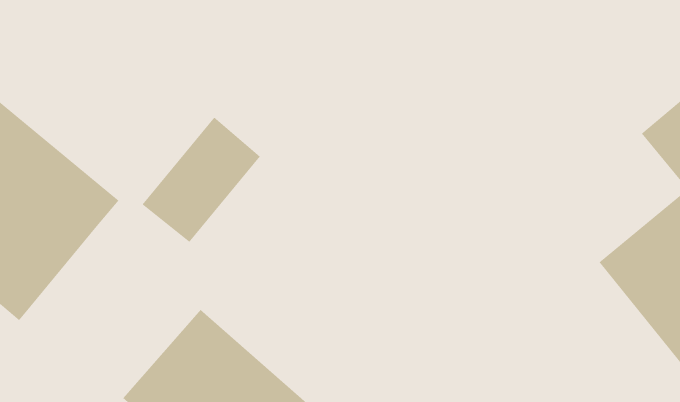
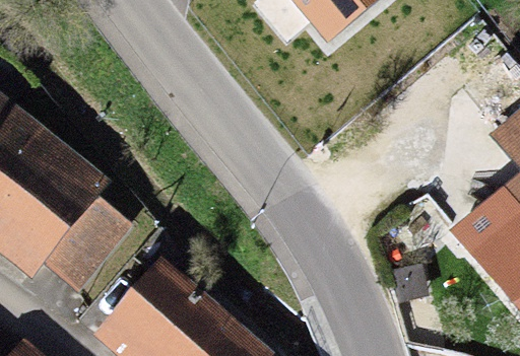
building: [142,117,261,243] -> [30,202,119,295]

